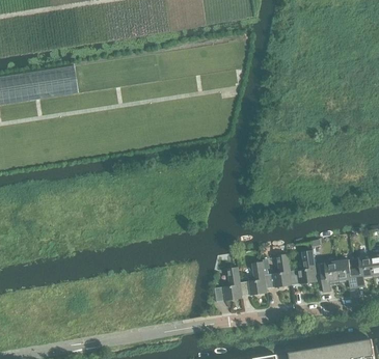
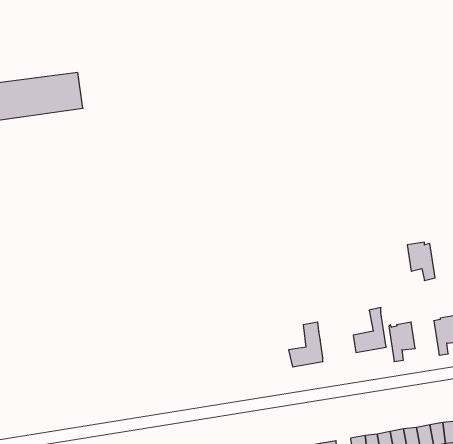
building: [263,254,292,289] -> none
building: [335,259,357,289] -> [407,242,435,281]
building: [213,268,242,303] -> none

